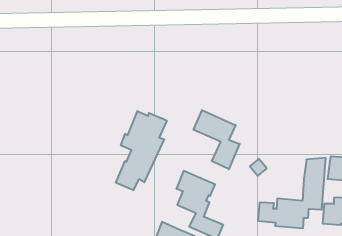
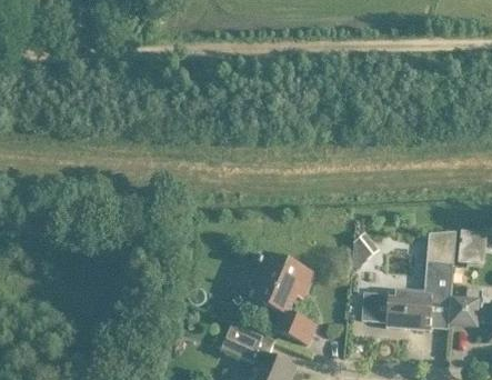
building: [194,110,240,169] -> none
building: [116,111,167,190] -> none

